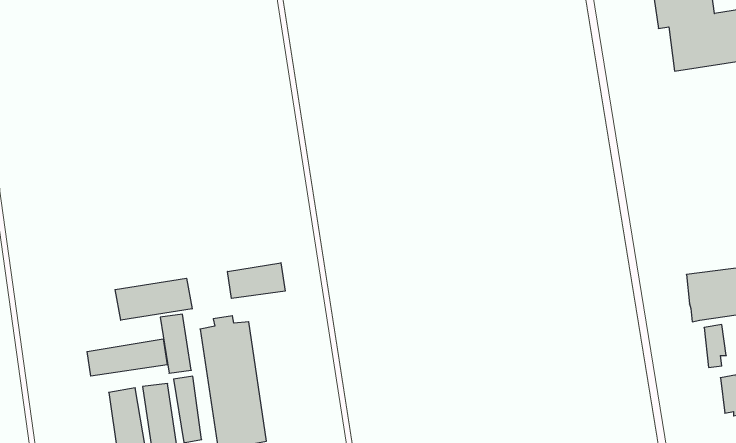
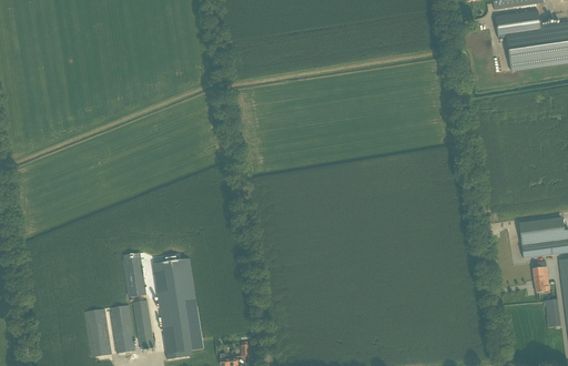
building: [228,263,285,298] -> none
building: [115,278,192,320] -> none
building: [87,339,167,376] -> none

